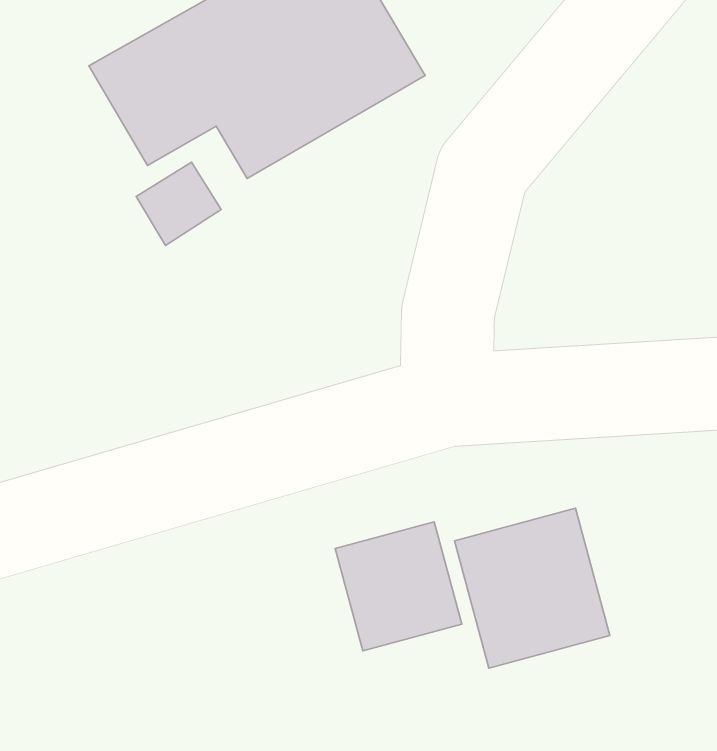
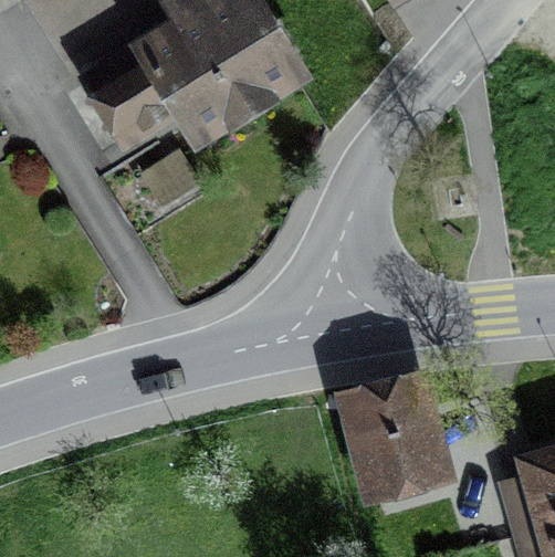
building: [335,522,462,651] -> none

